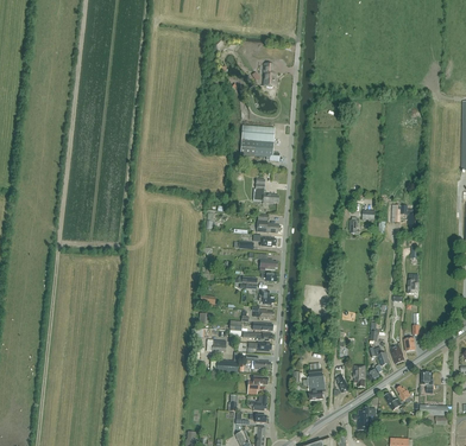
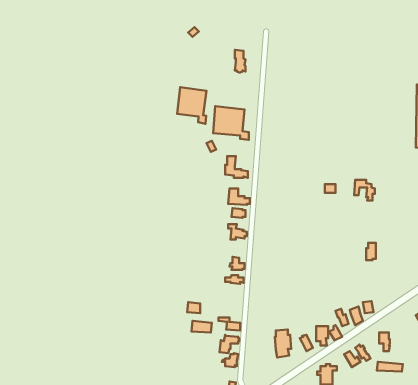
building: none -> [177,87,207,124]

